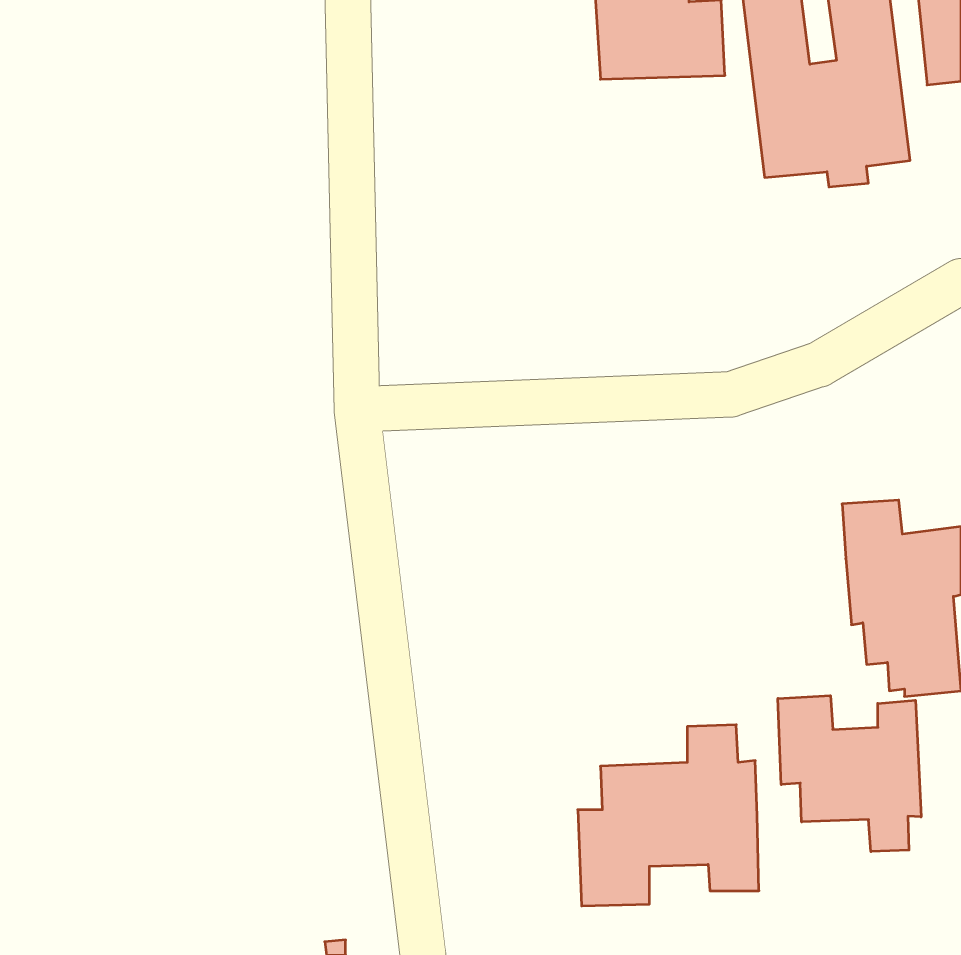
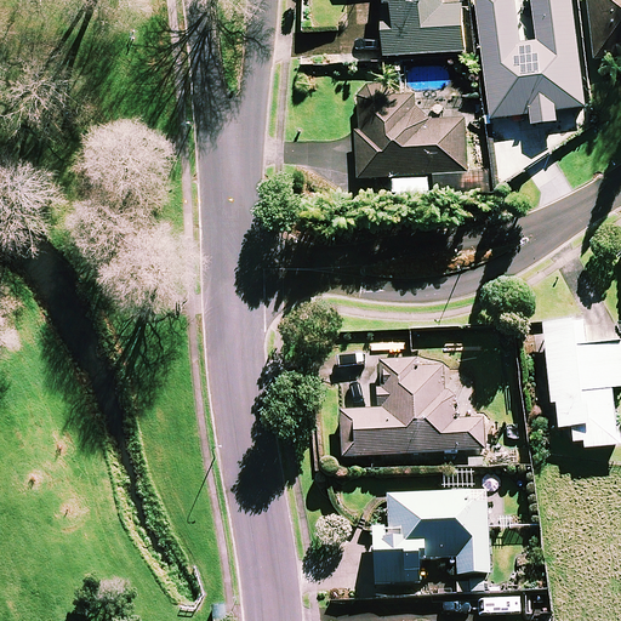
building: none -> [359,81,467,188]
building: none -> [338,354,483,456]
building: [778,696,921,852] -> none

